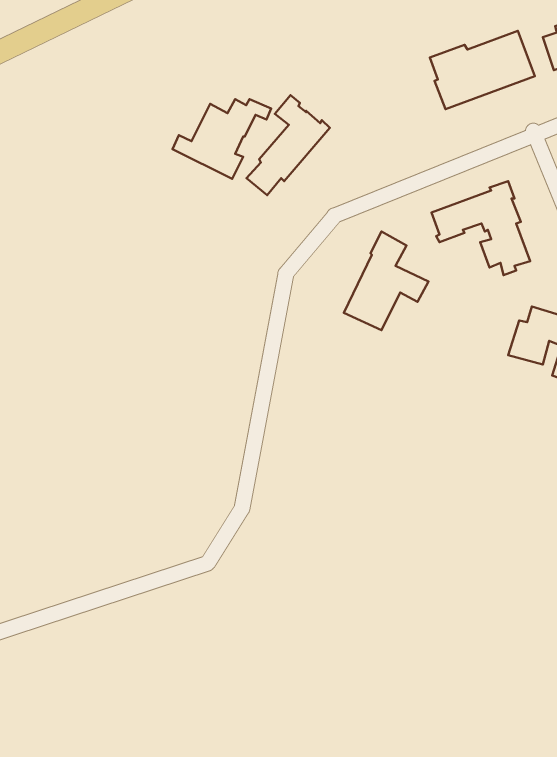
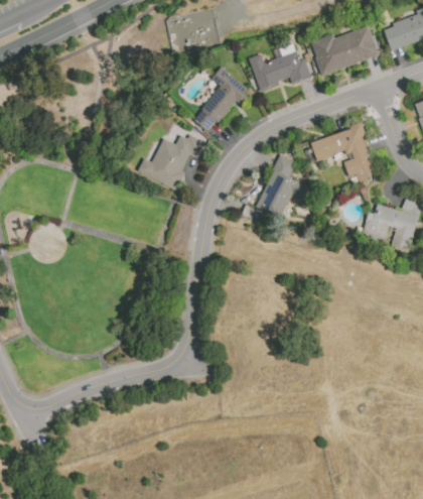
building: none -> [249,50,311,91]
building: [173,99,271,179] -> [140,135,203,186]

